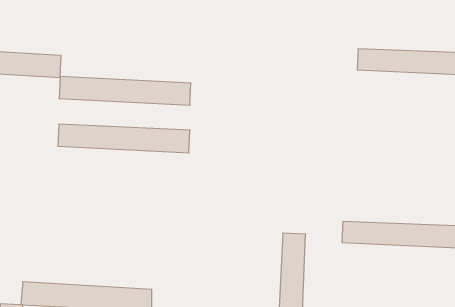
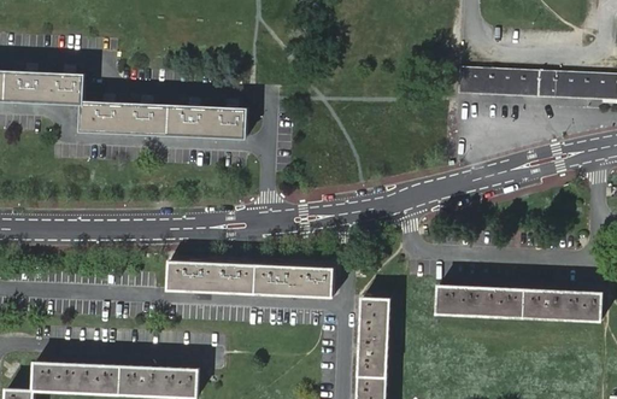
building: [58,124,190,153] -> [166,262,333,298]

